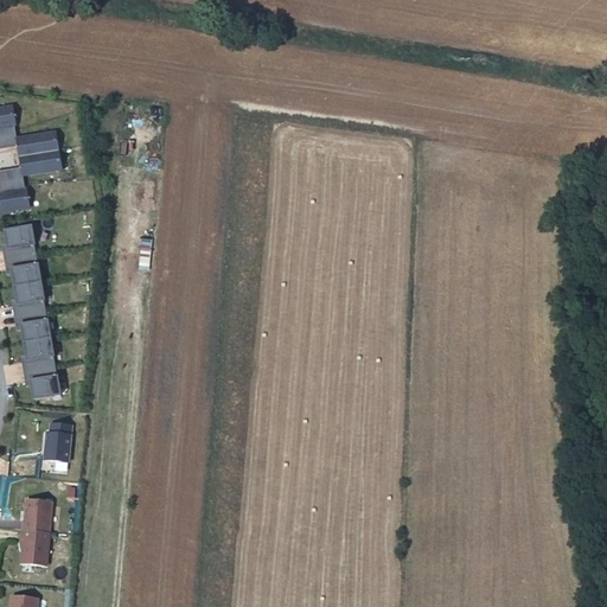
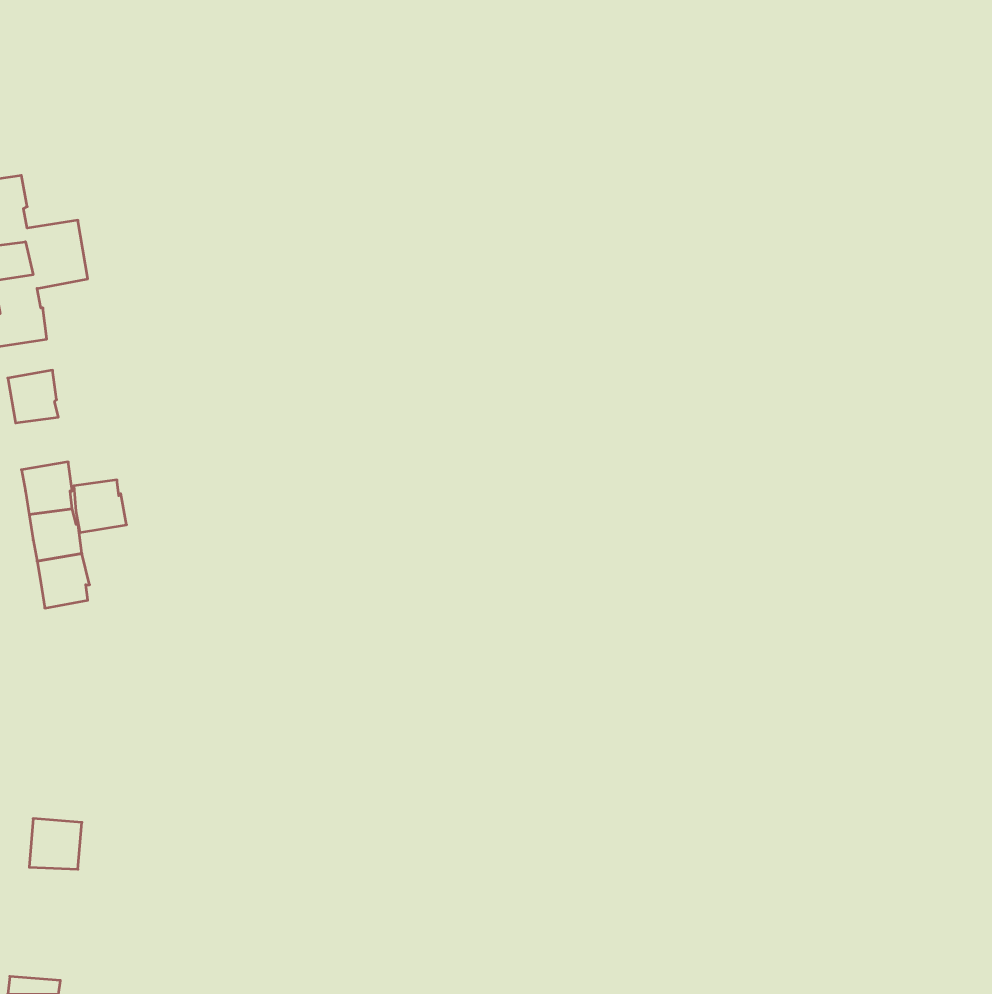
building: [9,254,41,286] -> [74,480,127,533]
building: [27,365,60,397] -> none
building: [43,422,71,464] -> none
building: [15,528,47,566] -> none

